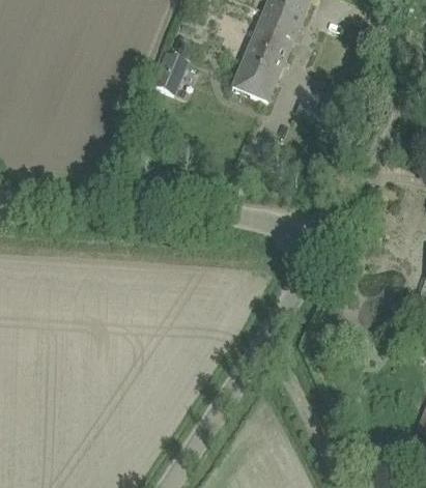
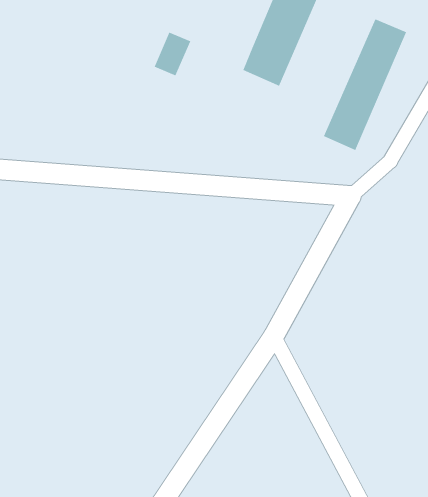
building: none -> [323,18,407,151]

